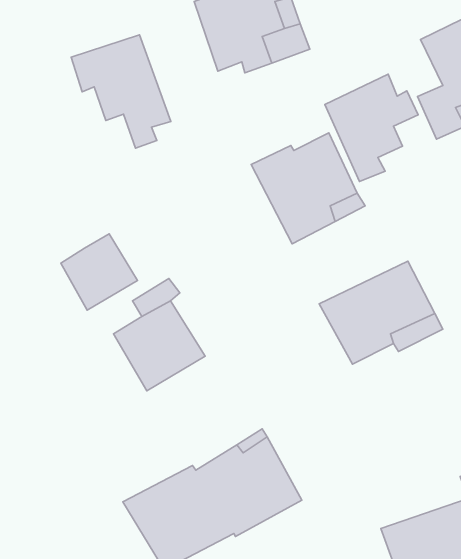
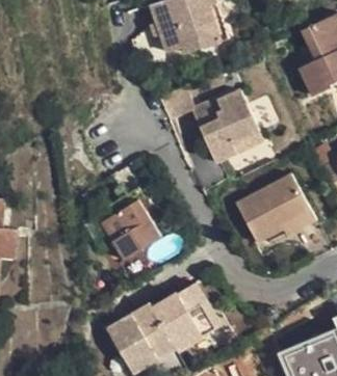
building: [71,35,171,148] -> none
building: [325,74,418,181] -> none
building: [61,234,137,310] -> none

